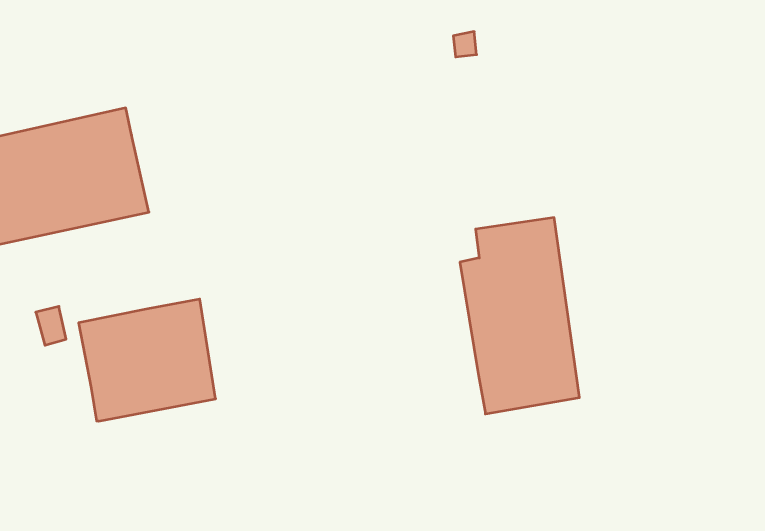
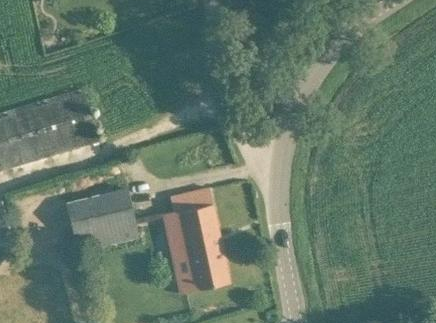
building: [460,218,579,414] -> [162,189,230,295]

